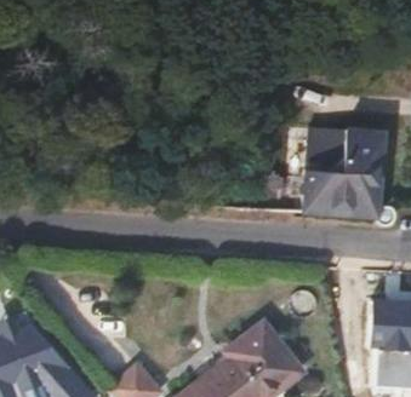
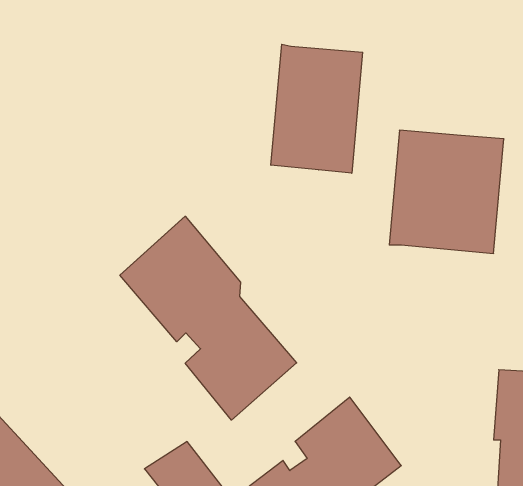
building: none -> [271,44,363,173]
building: none -> [120,216,297,420]

